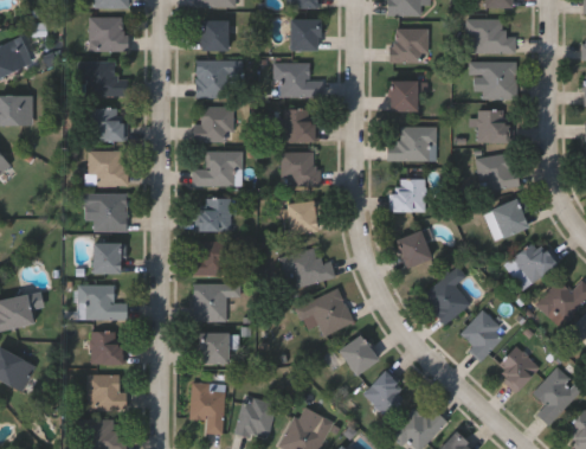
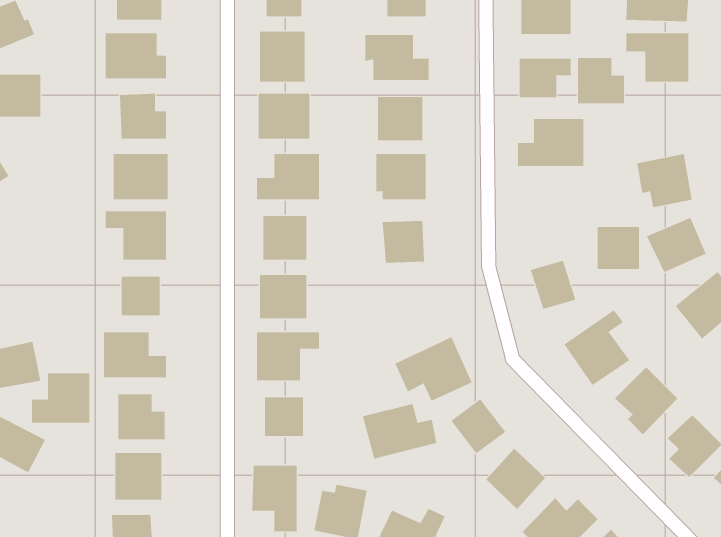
building: [477,110,513,145] -> [577,58,625,104]
building: [393,179,425,211] -> [597,226,640,269]
building: [279,248,335,289] -> [362,403,437,459]
building: none -> [32,372,90,424]

